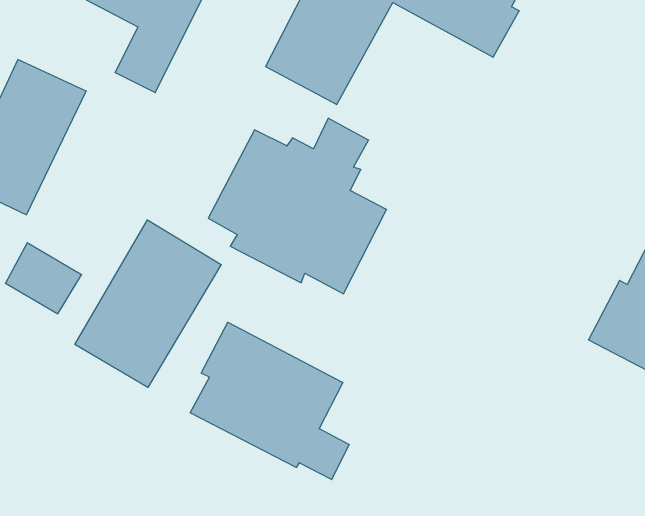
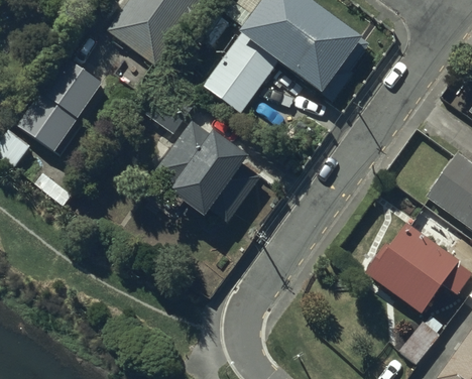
building: [75,220,221,387] -> none
building: [190,322,349,480] -> none

